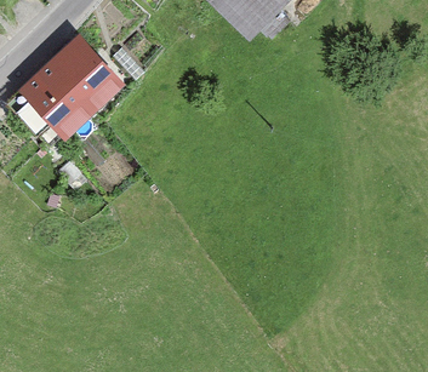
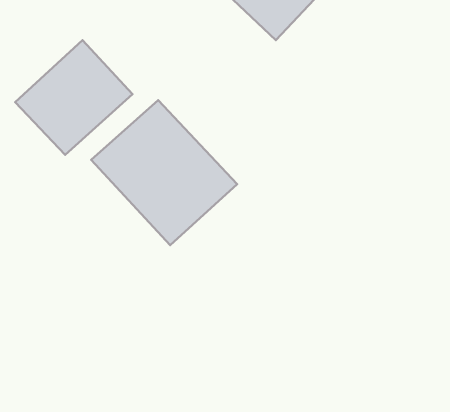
building: none -> [91,100,237,245]

